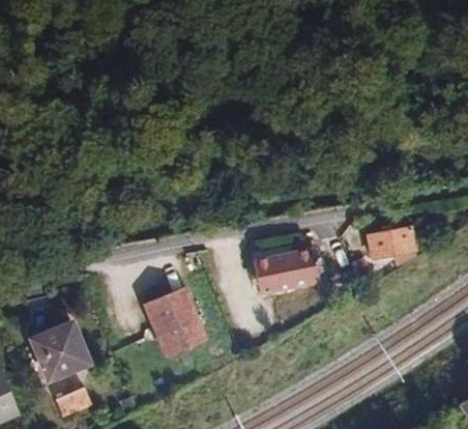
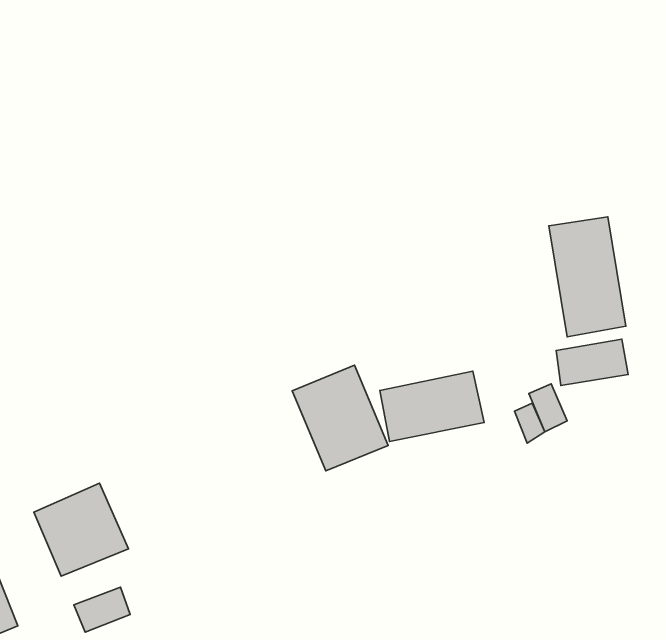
building: none -> [549,217,626,337]
building: [145,287,207,355] -> [292,365,388,471]

